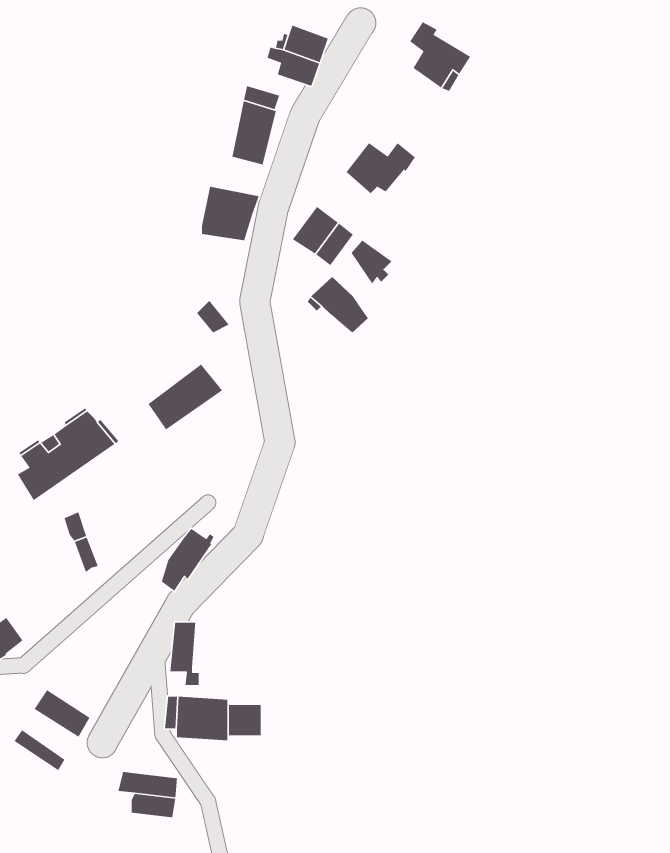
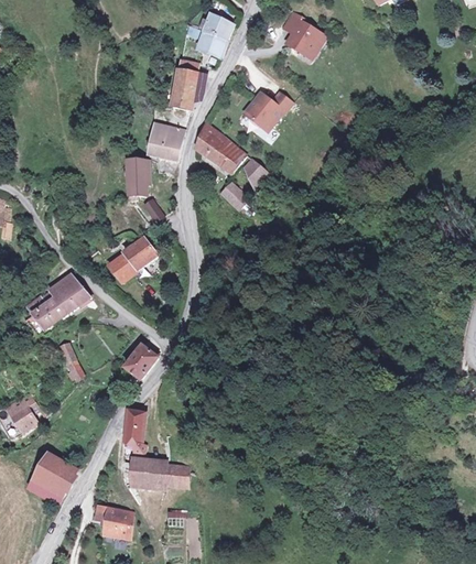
building: none -> [199,123,225,158]
building: none -> [123,158,147,200]
building: none -> [31,466,68,499]

